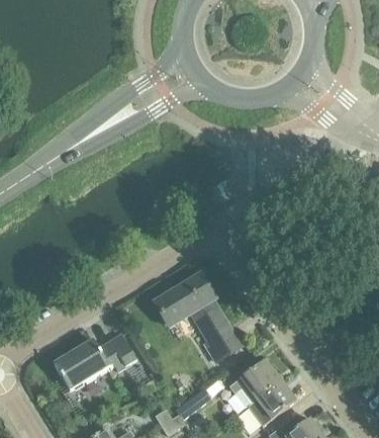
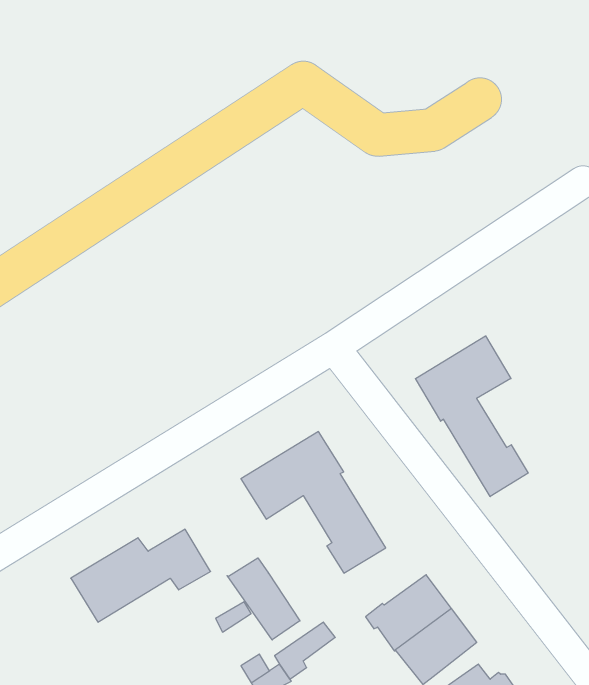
building: none -> [415,336,528,497]
building: none -> [227,558,300,640]

